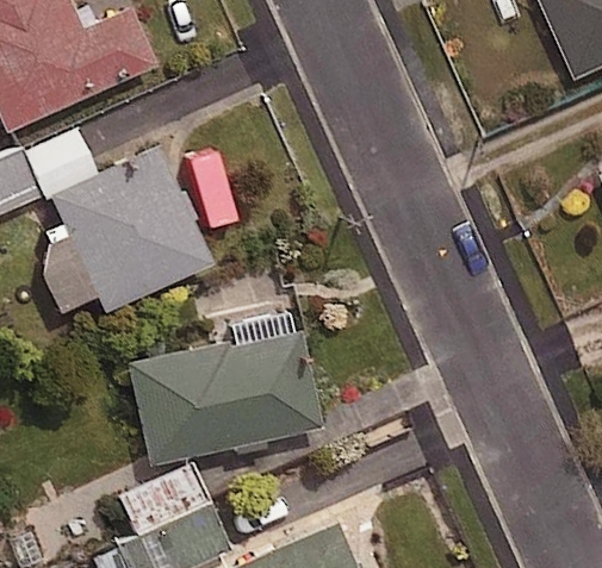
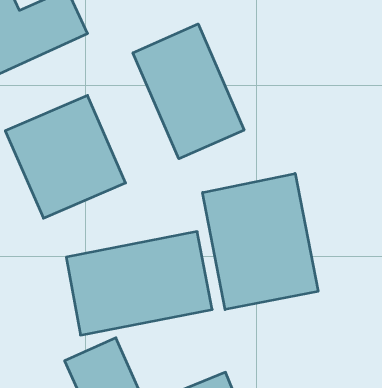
building: none -> [133,24,244,159]
building: none -> [203,173,318,310]

